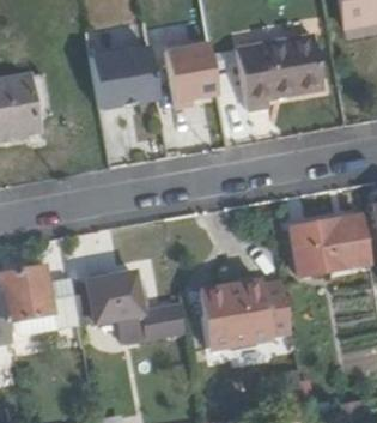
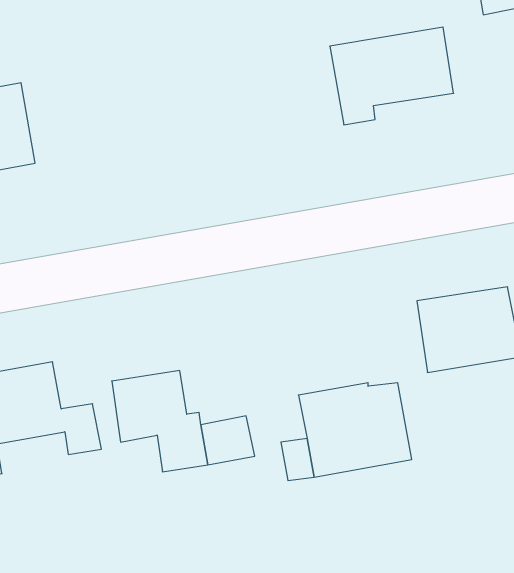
building: [170,41,219,103] -> none
building: [87,46,157,109] -> none

